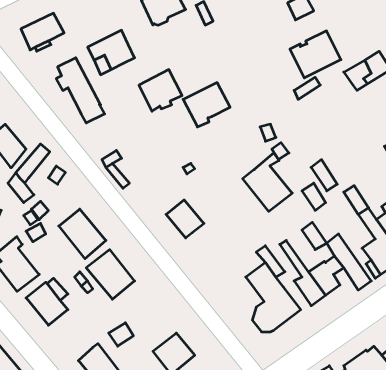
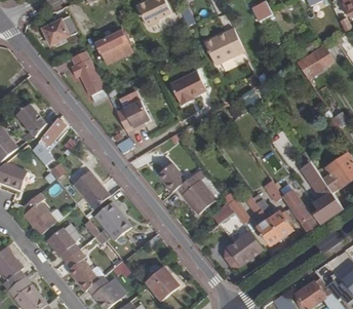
building: [290,31,341,78] -> [204,28,244,65]
building: [139,70,182,111] -> [116,99,150,131]
building: [243,153,292,211] -> [177,167,215,214]
building: none -> [64,248,99,291]

